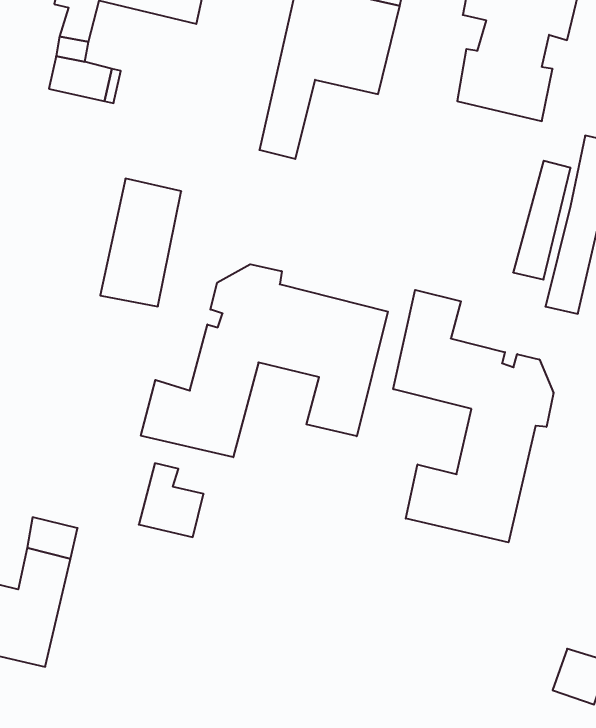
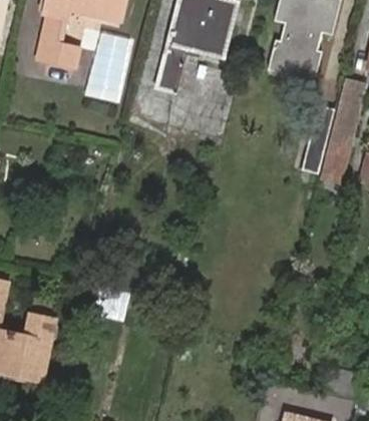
building: [100,179,181,306] -> [82,33,127,104]
building: [141,264,388,457] -> none
building: [393,290,553,542] -> none

